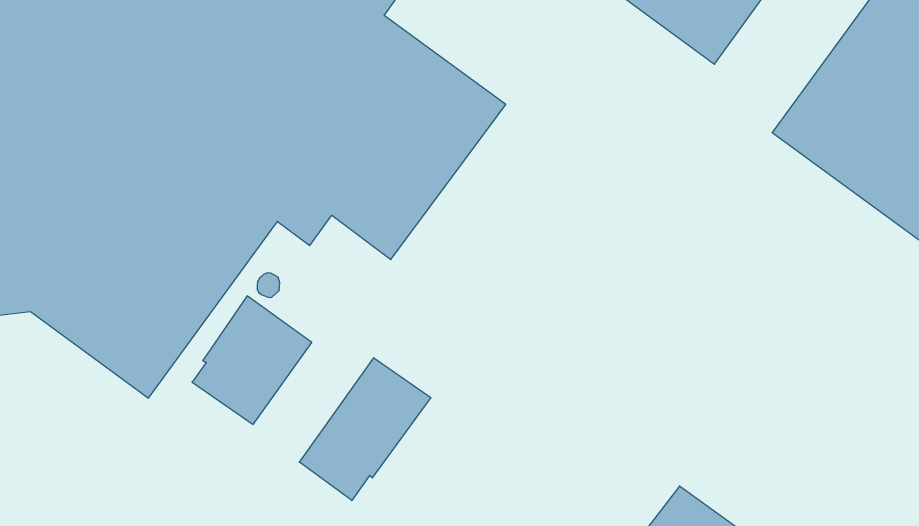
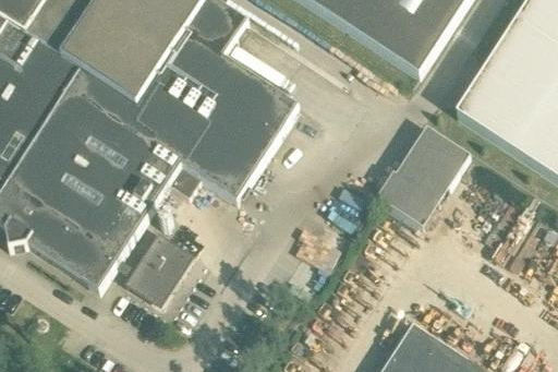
building: none -> [377,123,471,225]
building: [299,358,431,501] -> none

